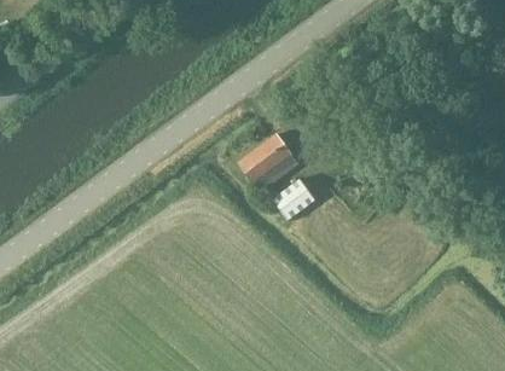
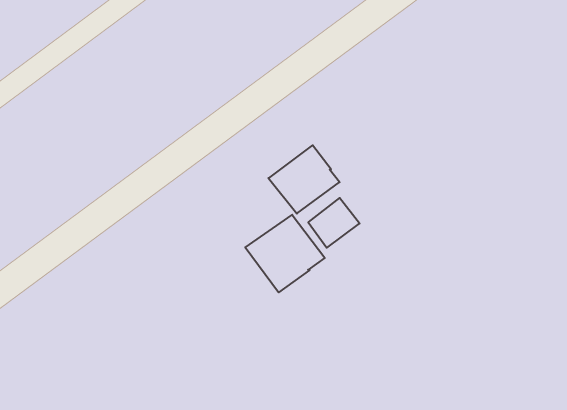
building: none -> [245,215,325,292]

